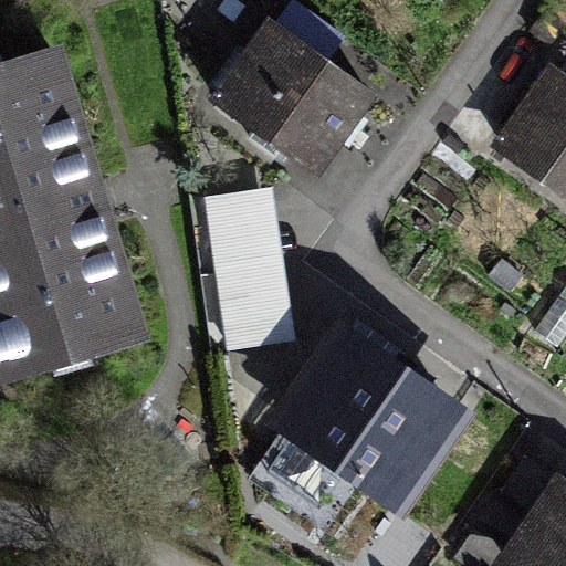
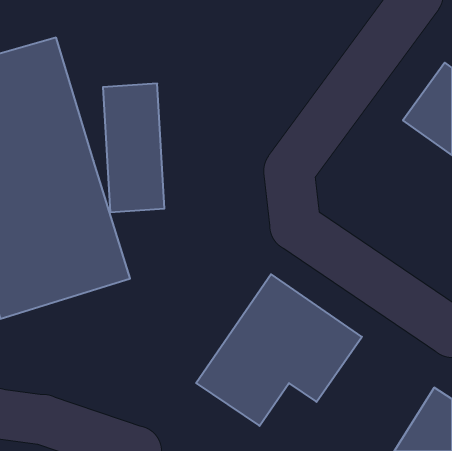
building: [213,27,367,174] -> none
building: [208,176,284,335] -> [103,84,164,212]

